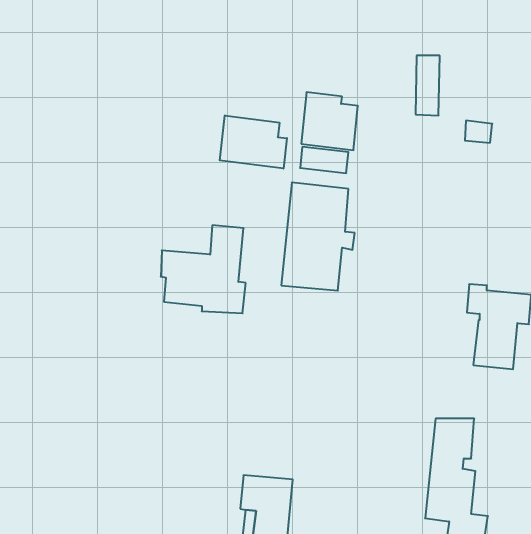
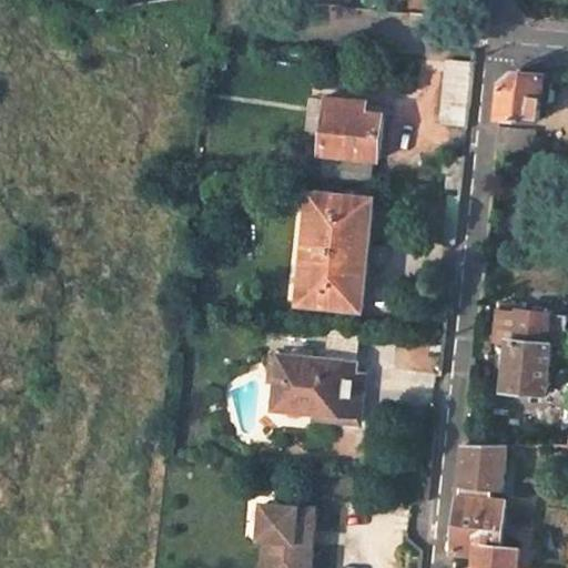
building: none -> [495,74,539,121]
building: [220,115,287,169] -> none
building: [161,225,246,313] -> [266,329,356,423]

